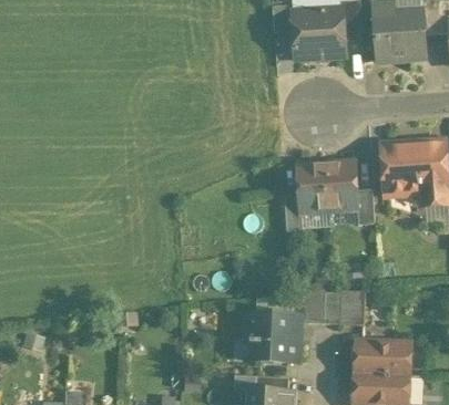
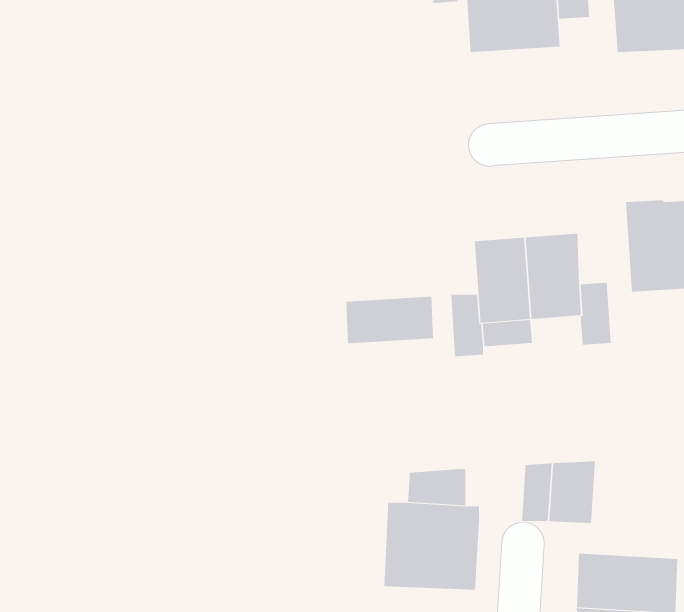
building: none -> [346,296,434,344]
building: [292,292,325,324] -> none

